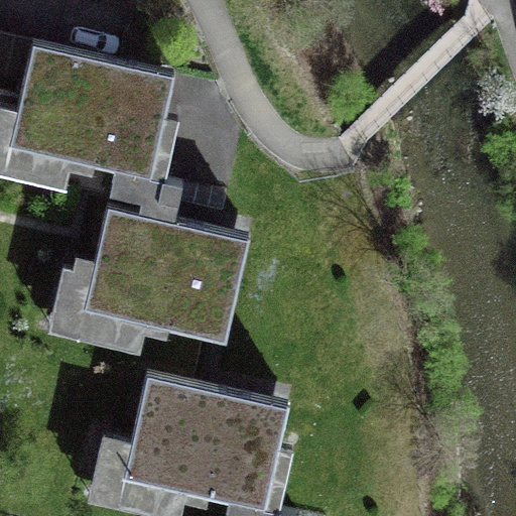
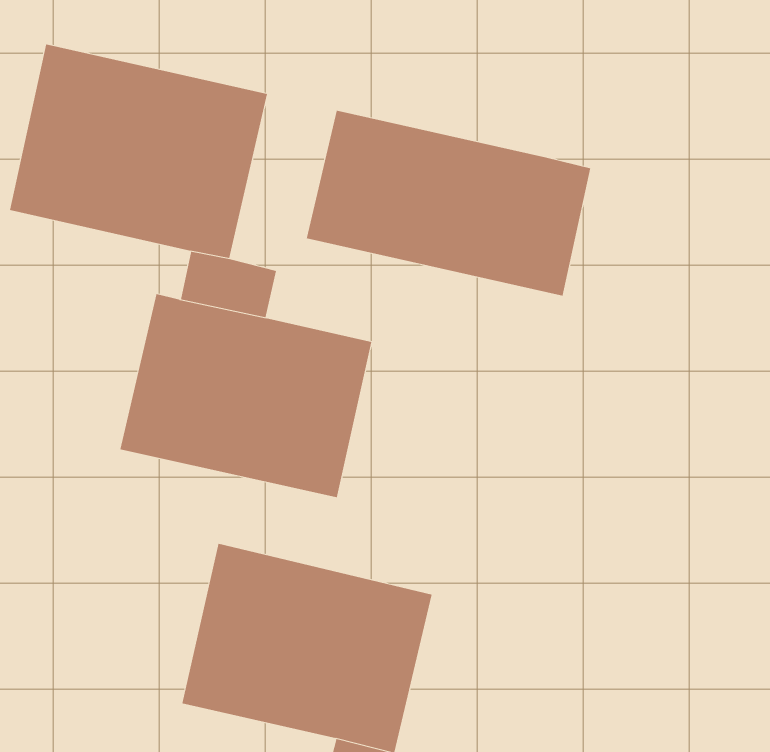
building: none -> [306,110,591,296]

